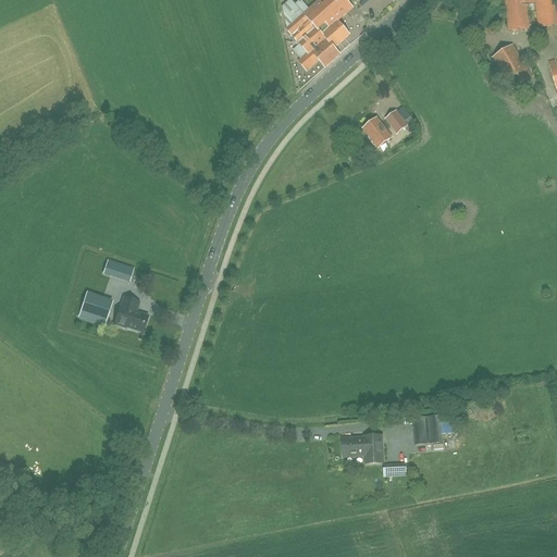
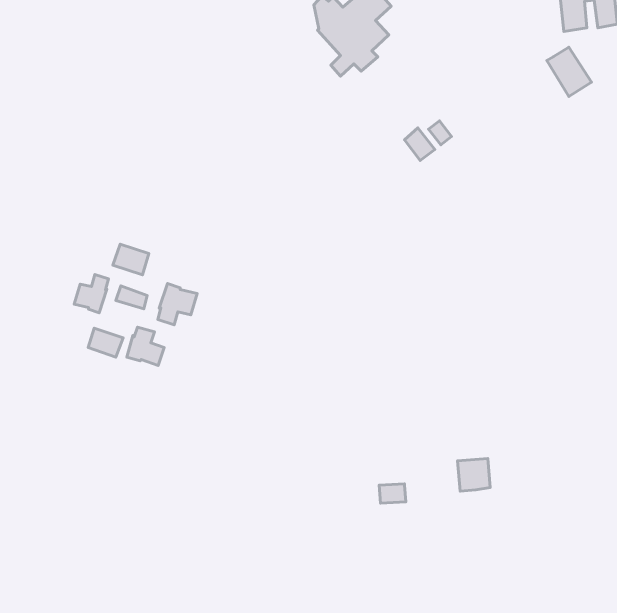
building: none -> [113,244,149,275]
building: none -> [74,274,108,313]
building: none -> [158,283,197,325]
building: [364,433,383,462] -> none

